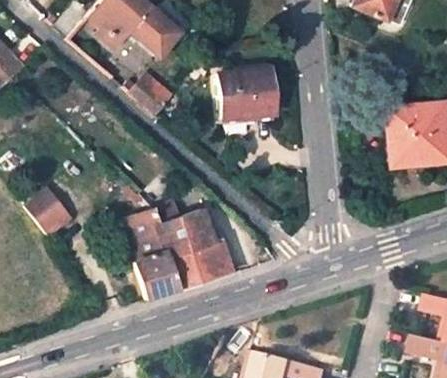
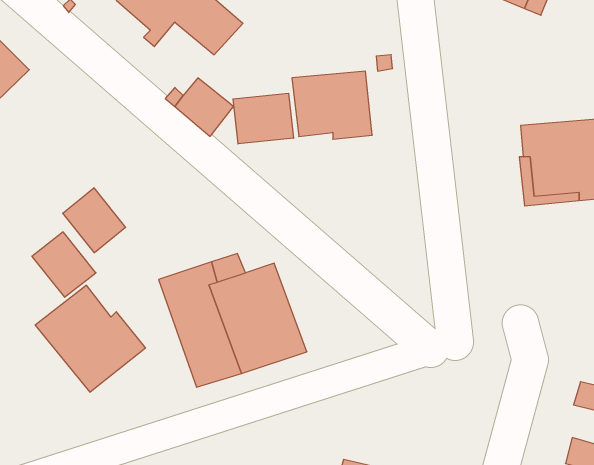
building: none -> [233,93,294,144]
building: none -> [63,188,126,253]
building: none -> [35,285,145,392]

